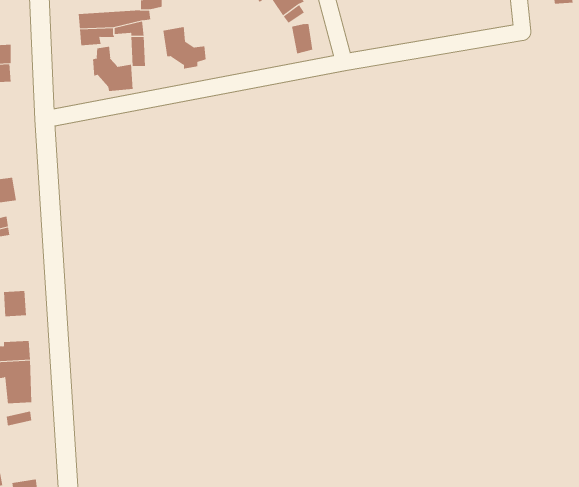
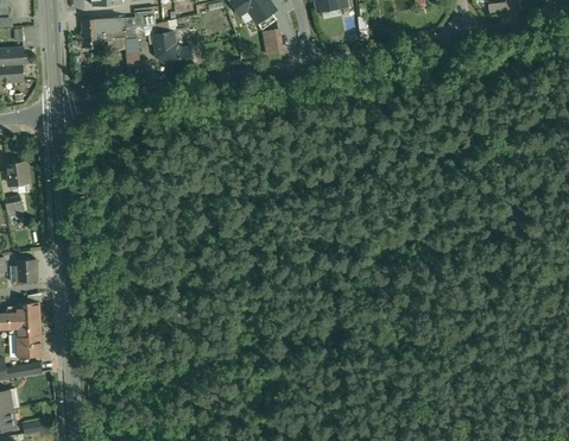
building: [93,46,133,92] -> none

